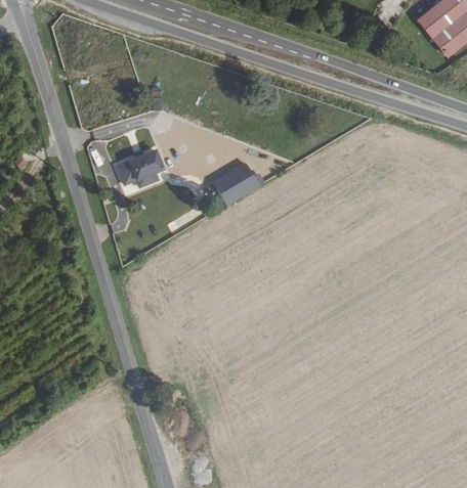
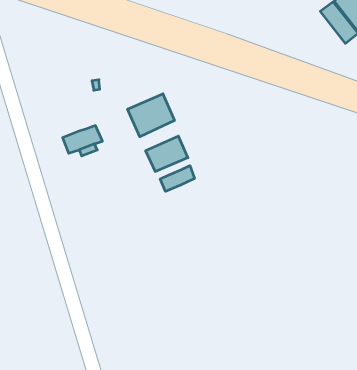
building: none -> [128,94,174,137]
building: none -> [160,166,194,191]

